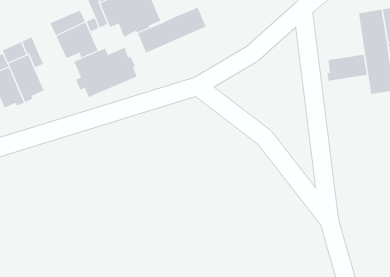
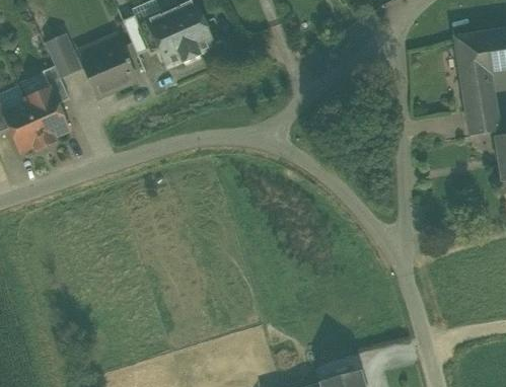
building: [137,7,206,54] -> none
building: none -> [45,35,79,77]
building: [73,47,138,98] -> none
building: [327,54,368,82] -> none

